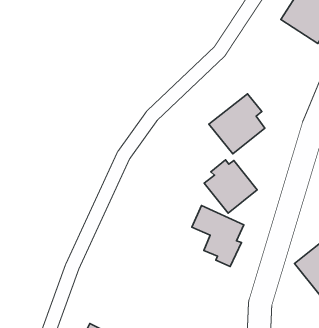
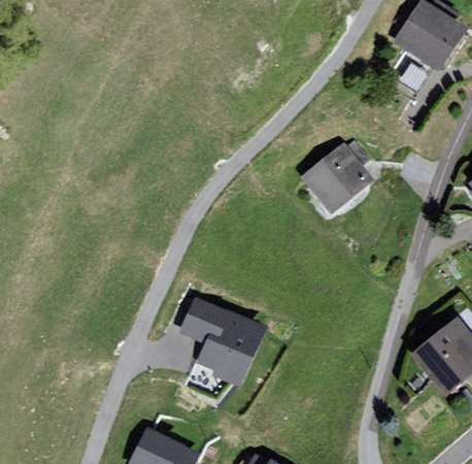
building: [204,160,257,213] -> none
building: [192,206,244,266] -> [187,300,254,378]

